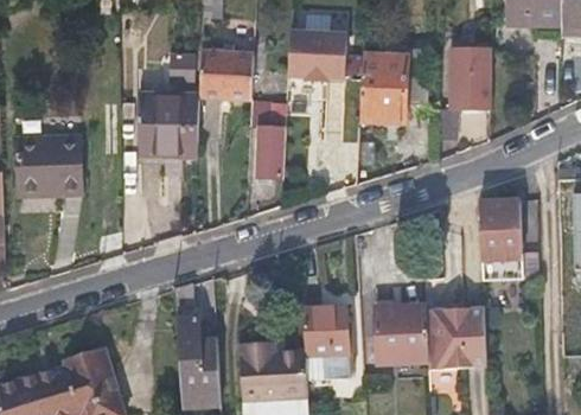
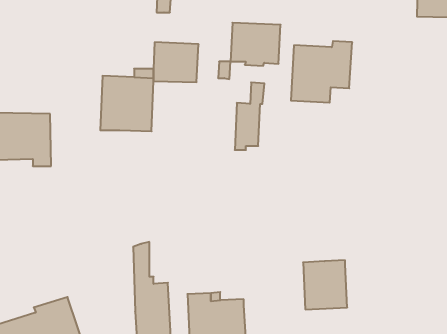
building: [439,44,492,141] -> none
building: [254,103,288,181] -> [235,82,264,150]
building: [479,203,523,282] -> none
building: [304,305,347,379] -> none
building: [422,307,485,369] -> none

